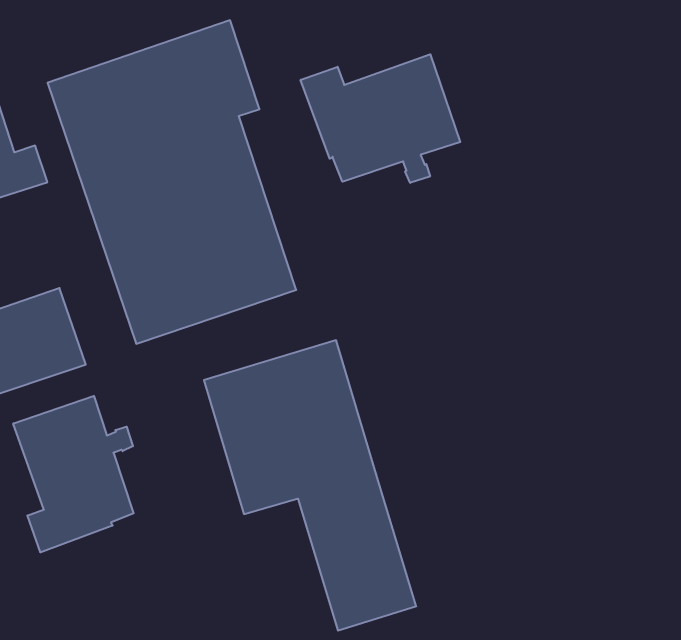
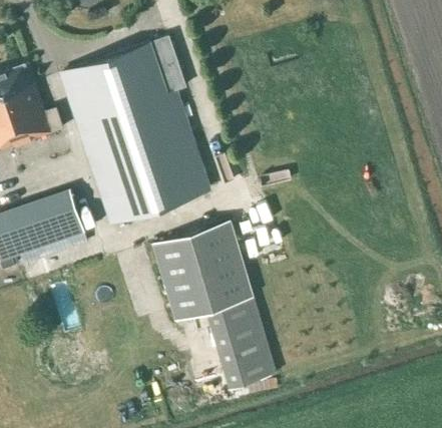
building: [301,54,460,183] -> none
building: [13,396,134,552] -> none

